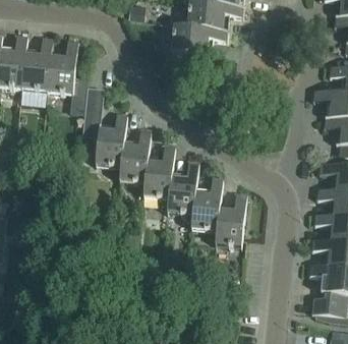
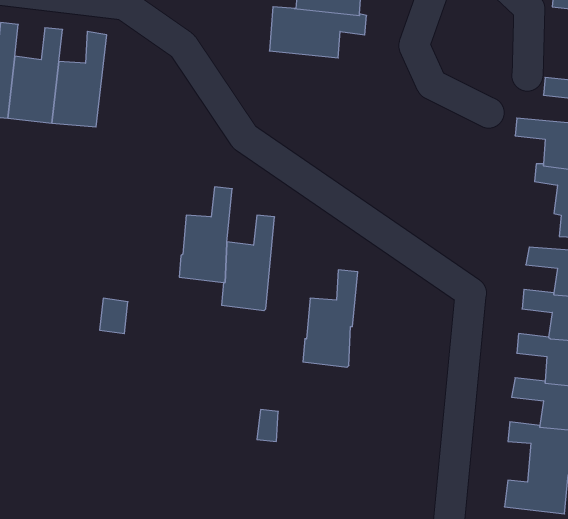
building: [81,90,127,168] -> none
building: [168,160,198,216] -> none
building: [216,192,247,247] -> none

